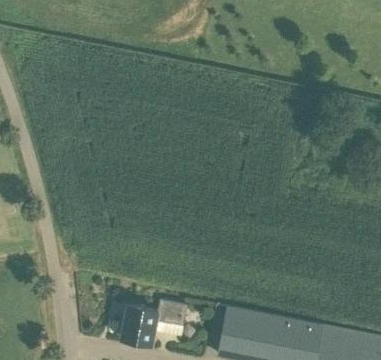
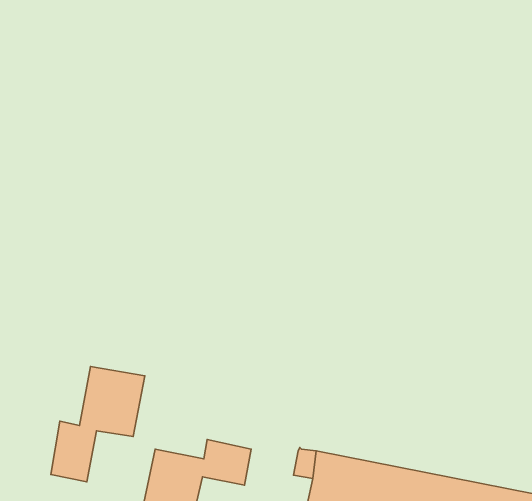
building: none -> [51,366,145,482]

